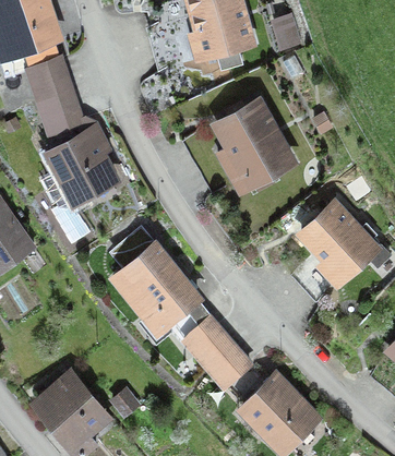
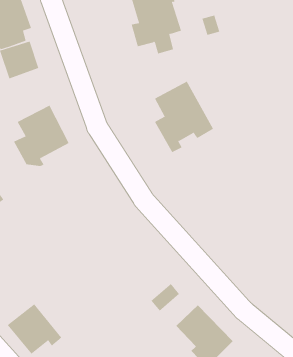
building: [39,87,87,132] -> none
building: [301,203,375,283] -> none
building: [112,227,197,329] -> none
building: [192,308,238,372] -> none

